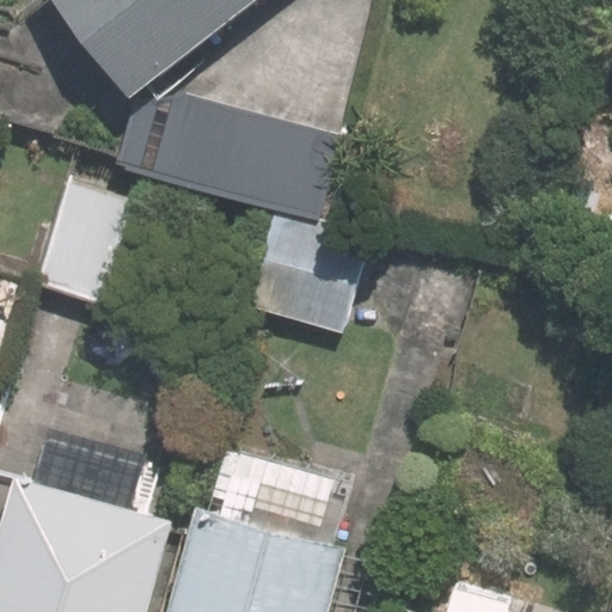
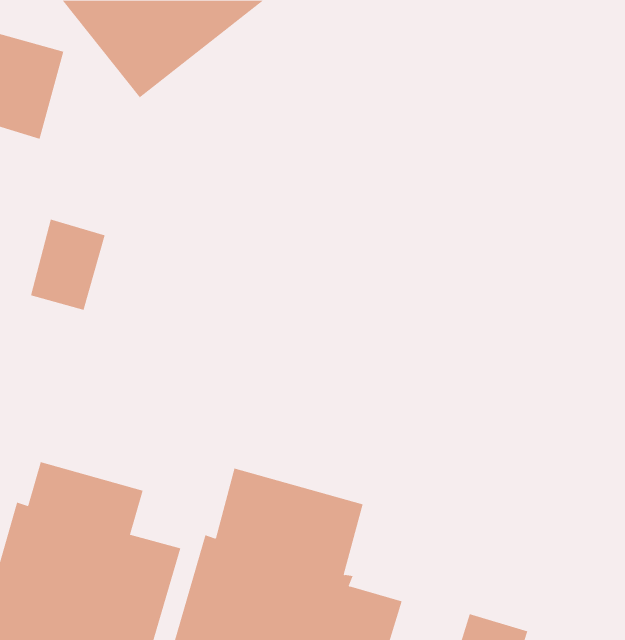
building: [108,94,335,212] -> none
building: [247,215,362,329] -> none

